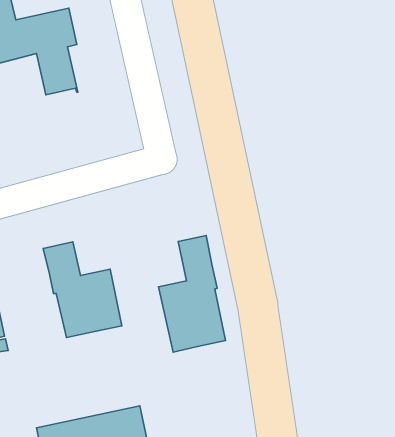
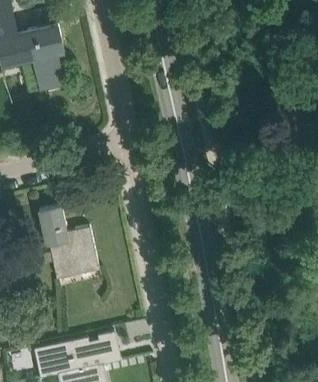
building: [158,236,225,352] -> none

